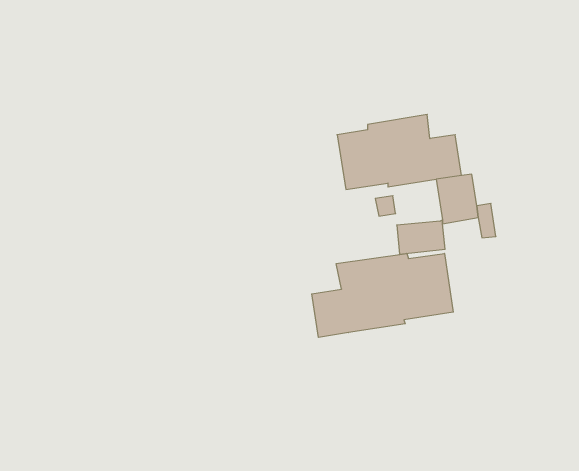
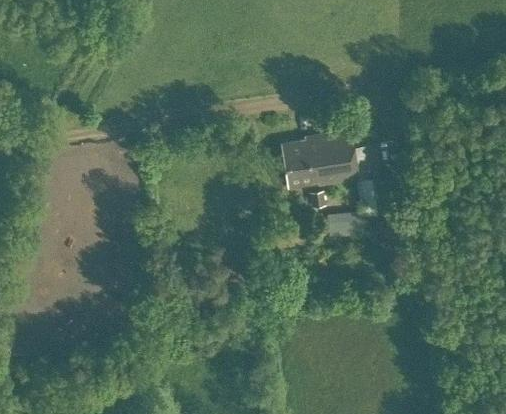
building: [312,253,453,337] -> none

